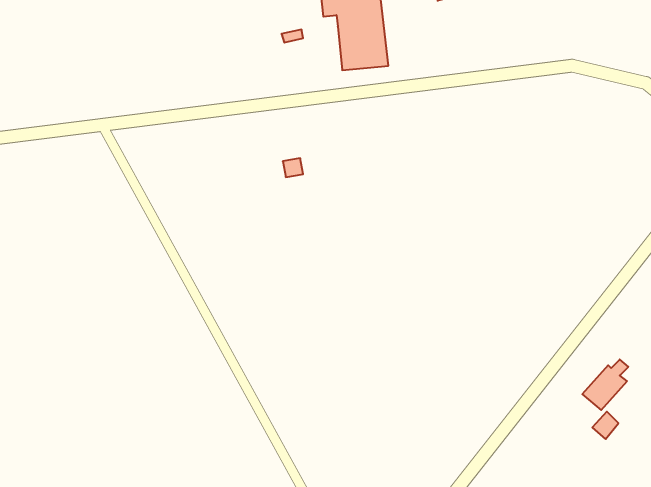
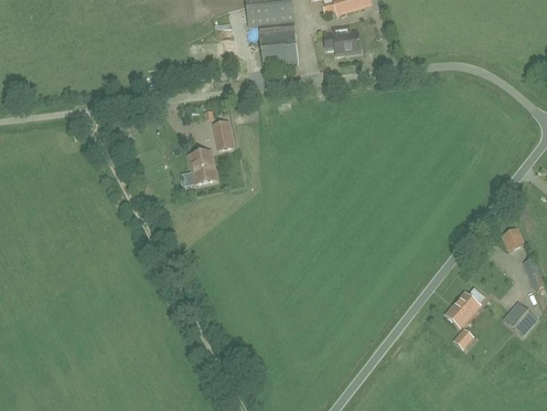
building: none -> [322,30,361,54]
building: none -> [189,150,216,182]

